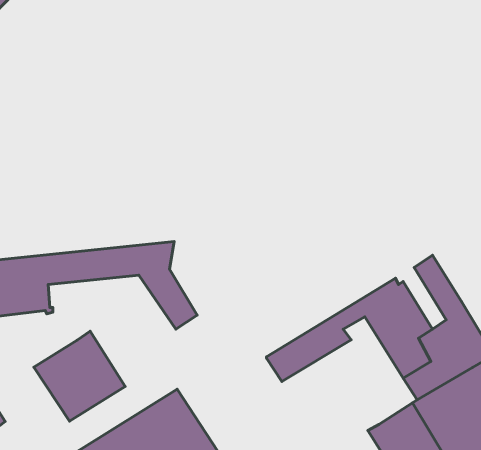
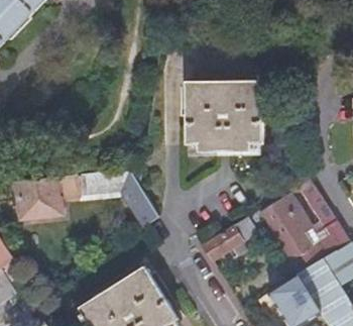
building: none -> [186,81,263,151]
building: [34,331,125,421] -> none

